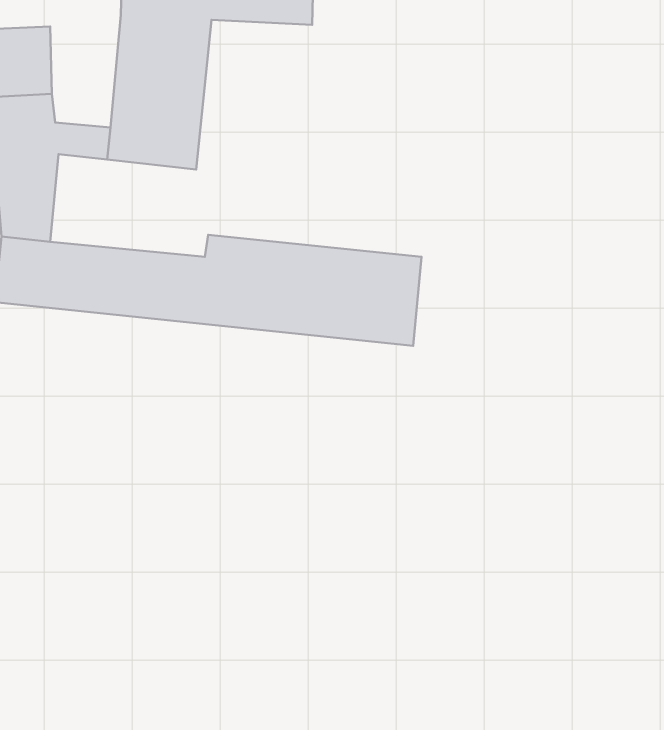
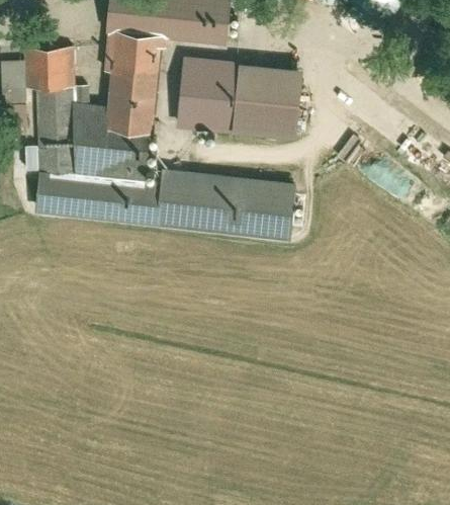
building: none -> [175,61,306,138]
building: none -> [68,123,156,184]

